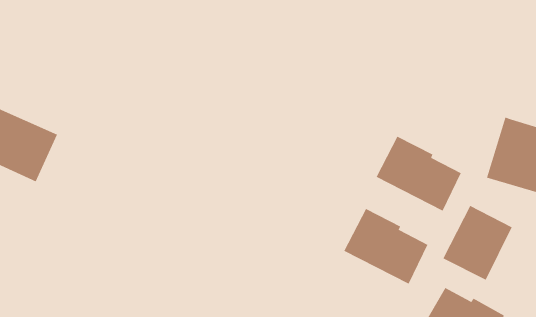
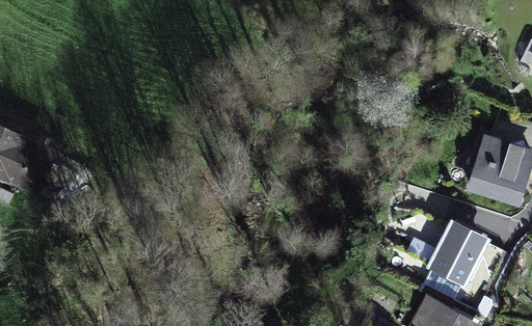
building: [376,136,461,211] -> none
building: [344,208,428,284] -> none

